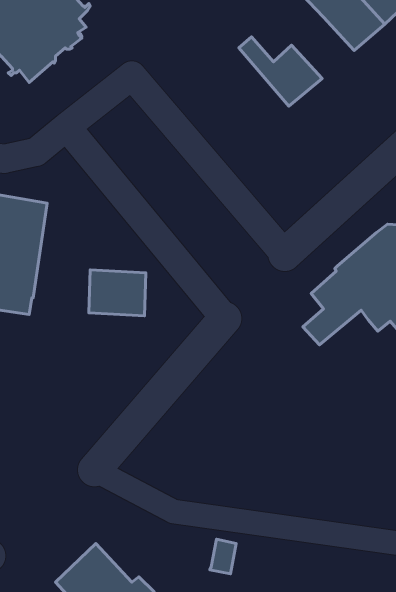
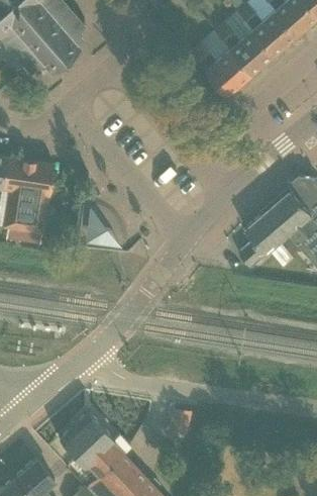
building: none -> [214,23,276,74]

